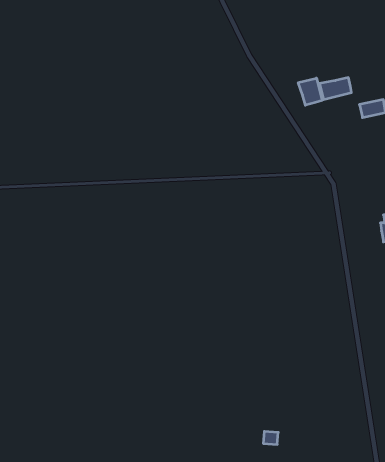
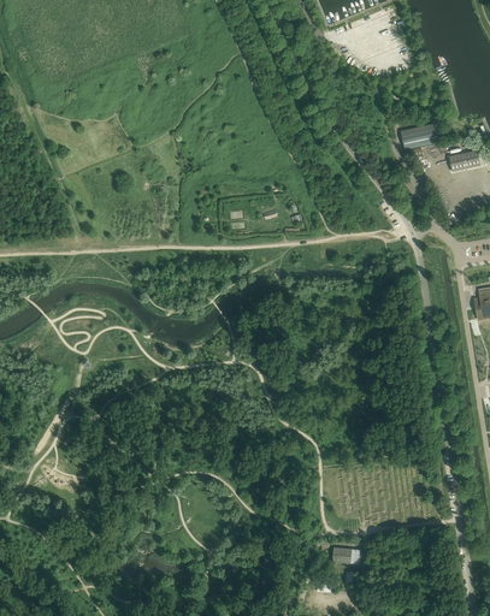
building: [298,78,322,105] -> none

